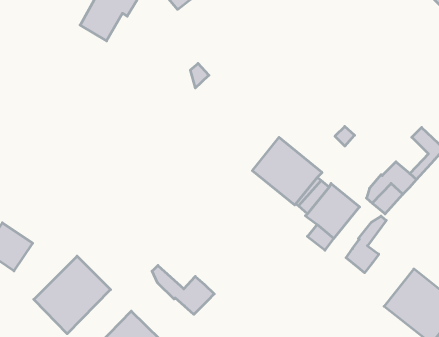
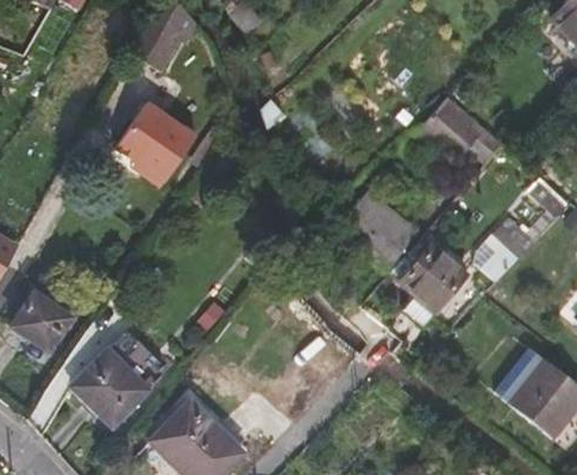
building: none -> [418,98,500,164]
building: none -> [114,101,195,183]
building: [346,216,386,273] -> none
building: [152,265,214,314] -> none

